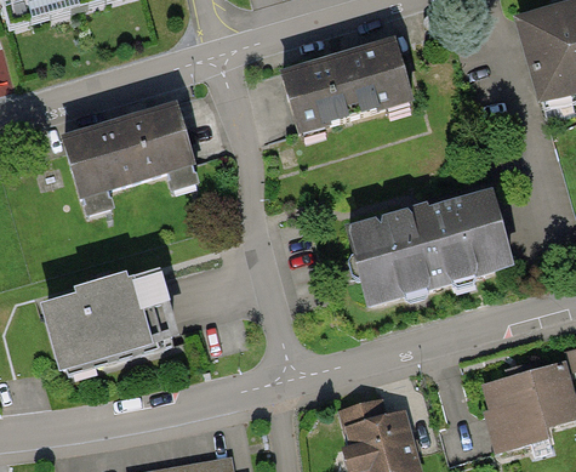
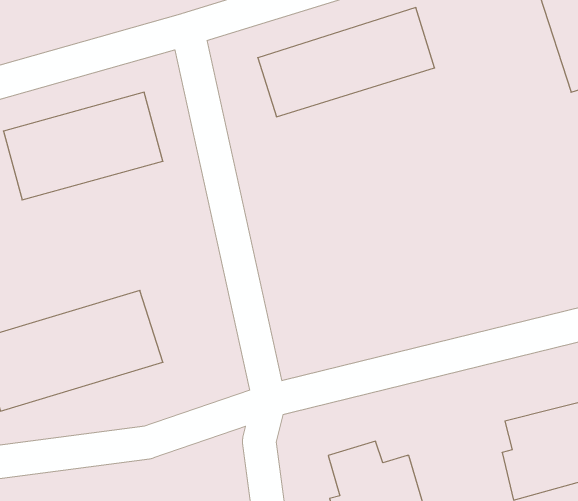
building: [349,190,518,303] -> none

